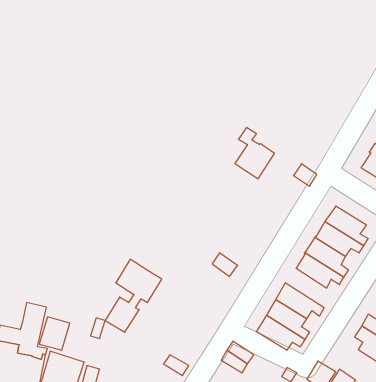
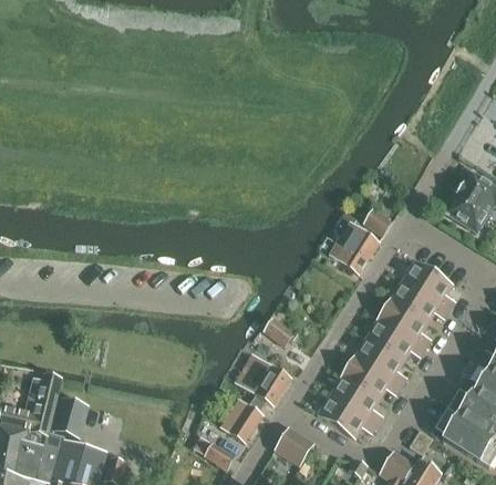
building: [235,127,274,179] -> [331,208,380,271]
building: [105,259,162,332] -> [221,351,291,441]
building: none -> [355,336,409,384]

